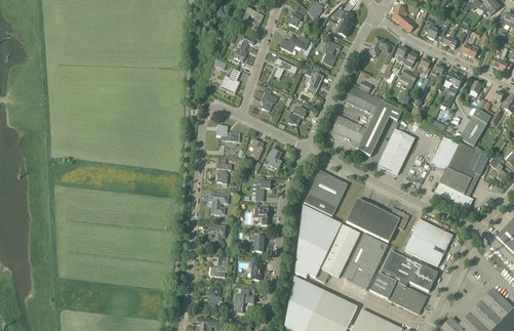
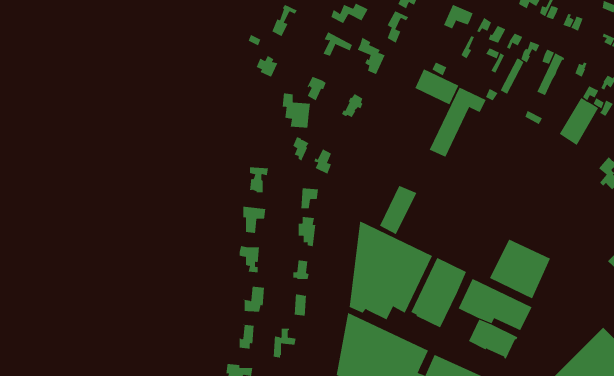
building: [331,115,366,143] -> none
building: [378,120,417,174] -> none
building: [218,125,240,153] -> [282,93,311,128]
building: [430,137,489,208] -> none
building: [304,170,333,209] -> none
building: [346,199,409,242] -> none
building: [370,273,396,299] -> none

